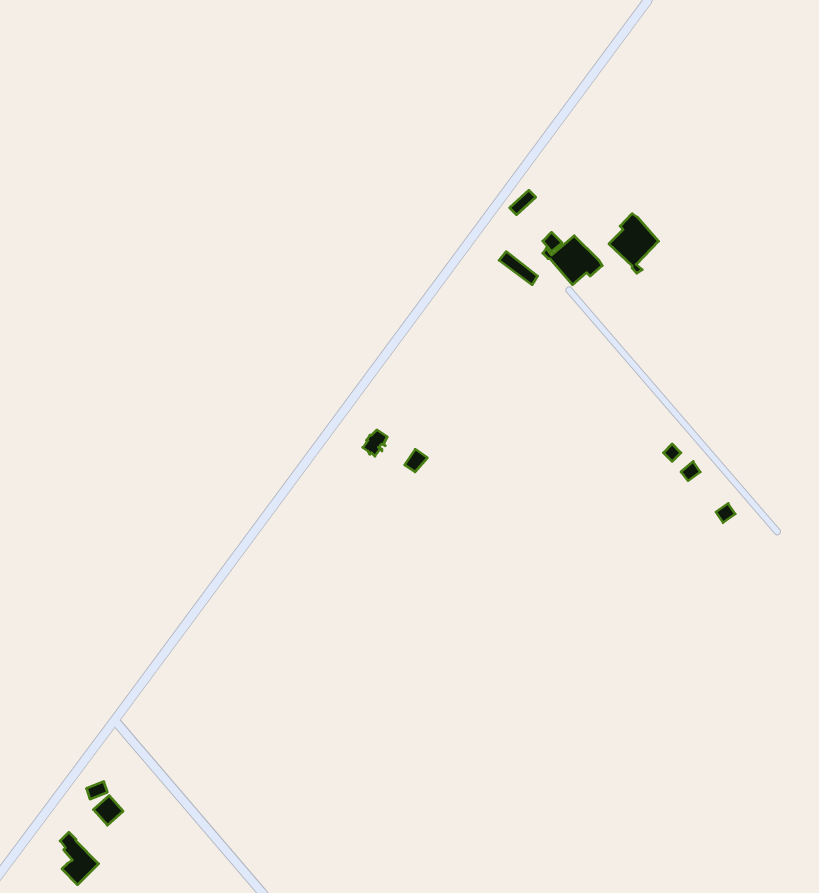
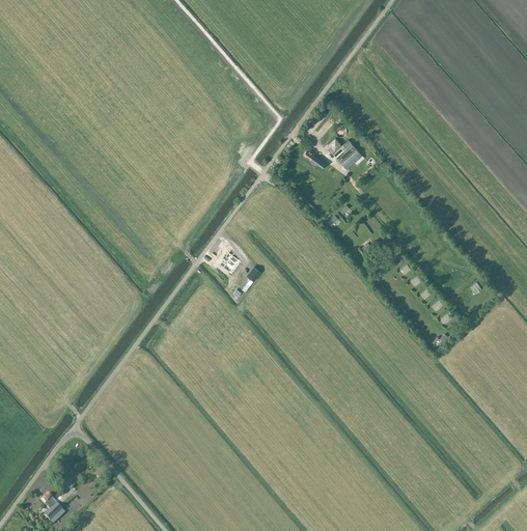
building: [609,214,659,273] -> none

